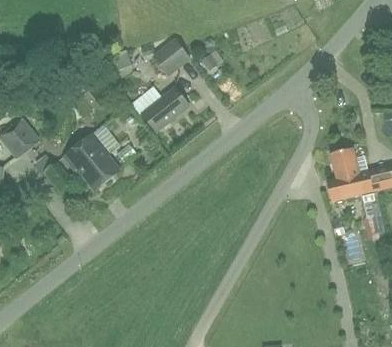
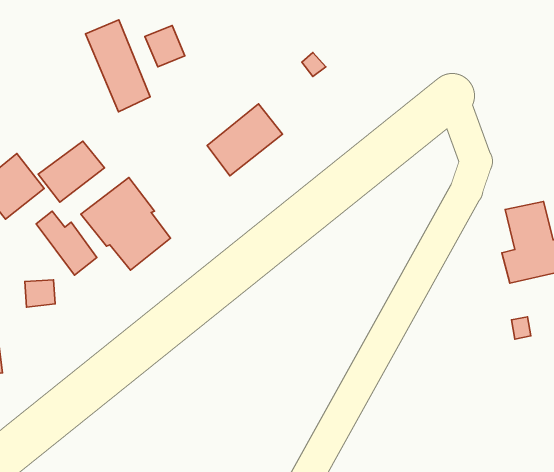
building: none -> [85,20,150,112]
building: [152,38,192,77] -> none
building: none -> [38,141,104,202]

